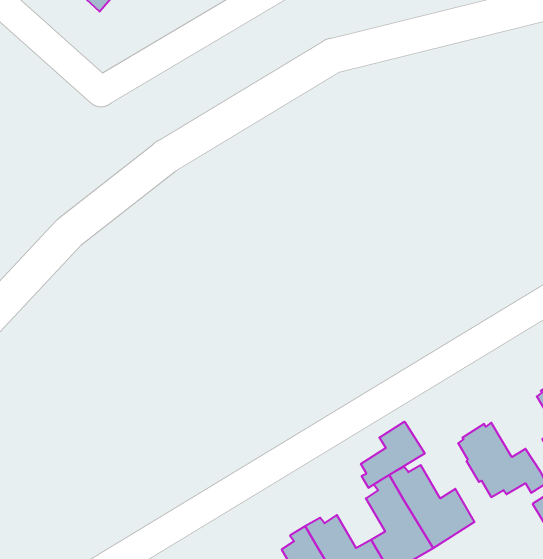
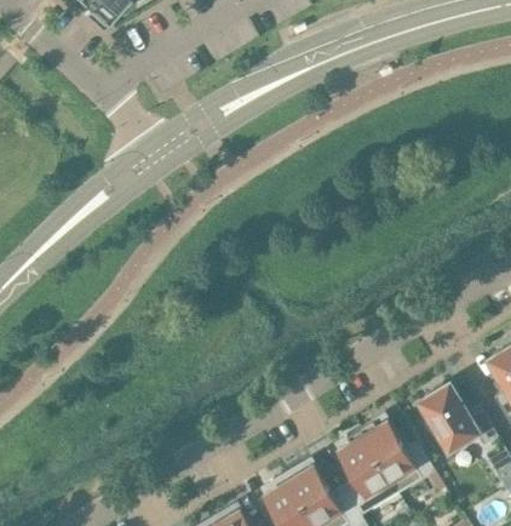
building: [361,422,425,488] -> none

